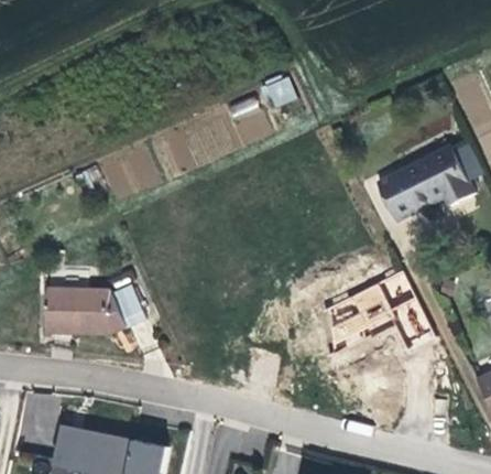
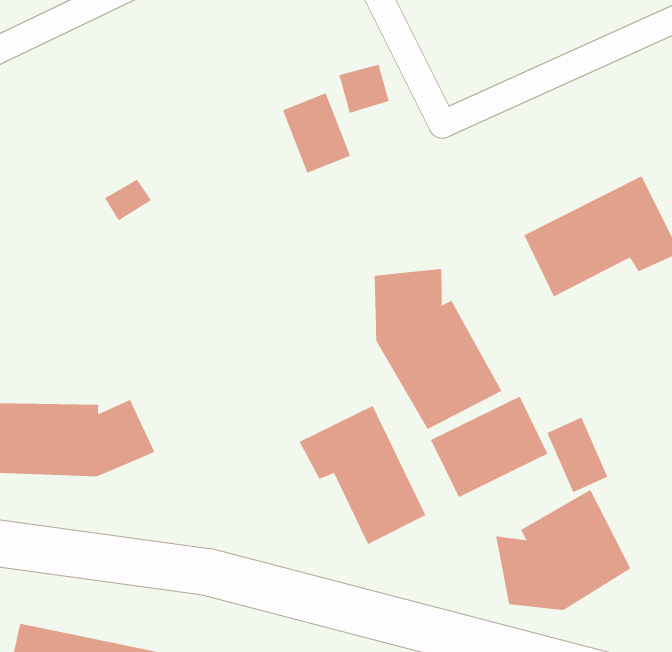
building: none -> [374,268,502,430]
building: none -> [299,405,426,545]
building: none -> [495,489,631,611]

